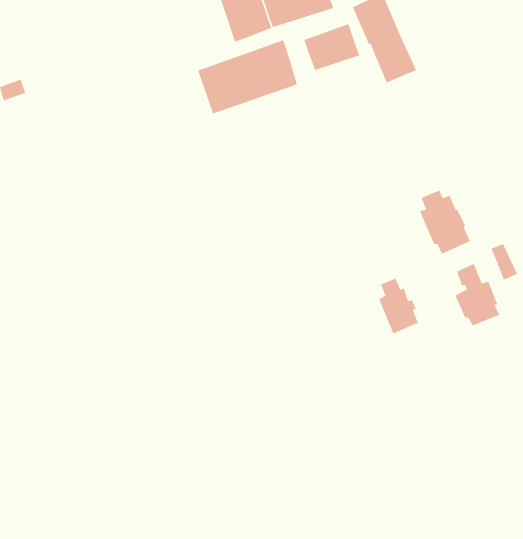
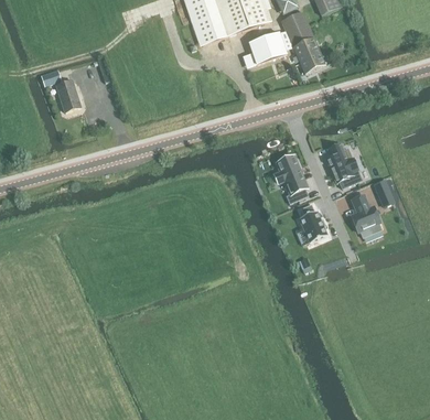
building: [197,39,298,115] -> none
building: none -> [55,78,79,110]
building: none -> [272,153,308,203]

